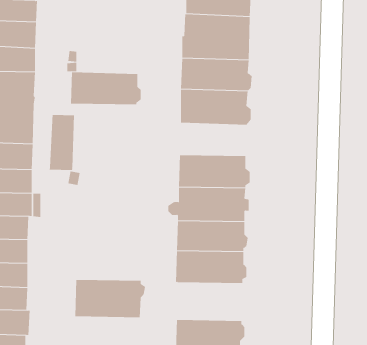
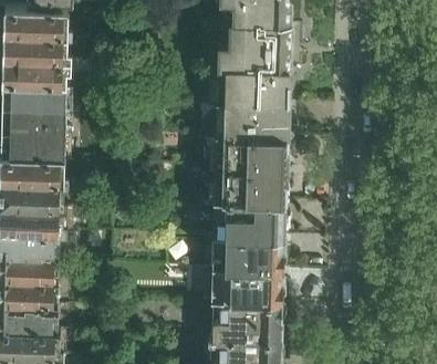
building: [70,72,141,105] -> [215,132,289,166]
building: [49,114,75,171] -> none
building: [74,279,146,318] -> [211,298,285,337]

